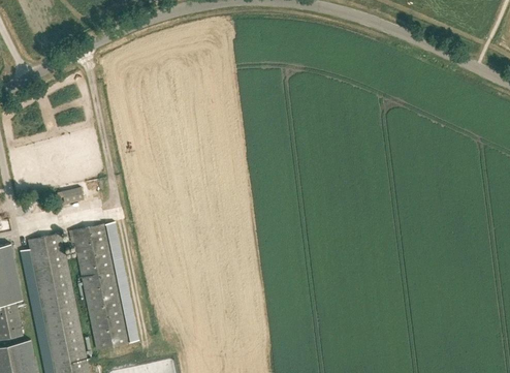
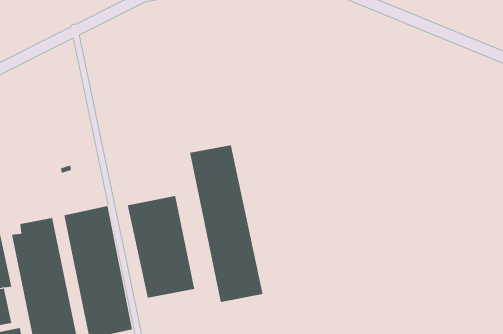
building: none -> [189,144,263,303]
building: none -> [127,195,195,299]

